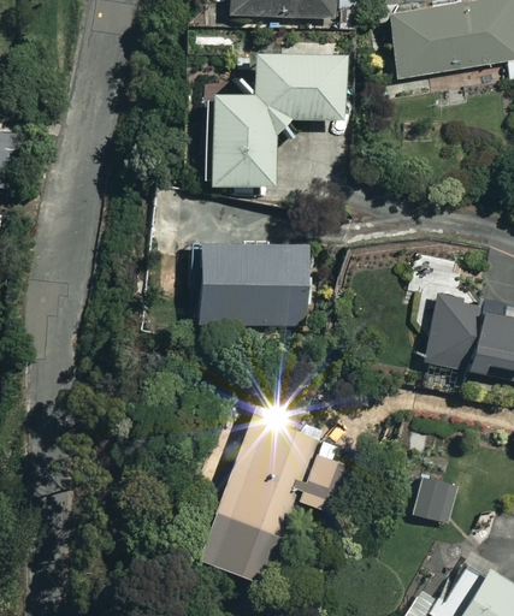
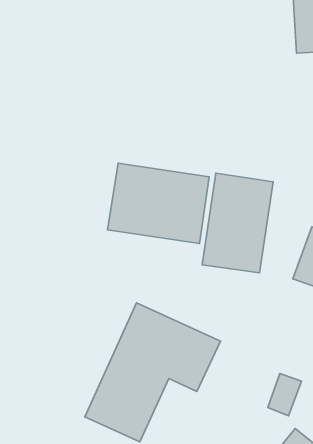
building: [206,49,343,184] -> none
building: none -> [202,173,273,273]

